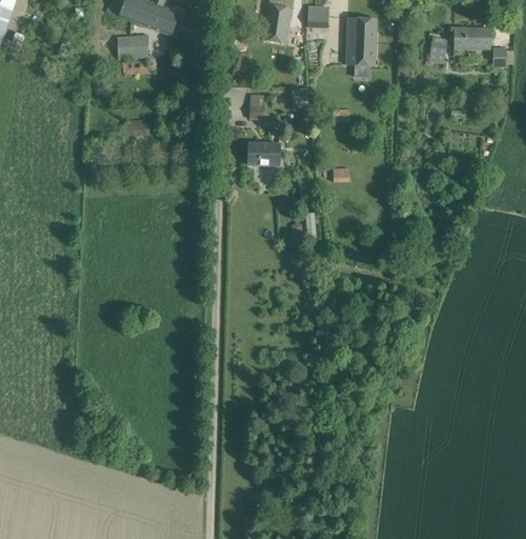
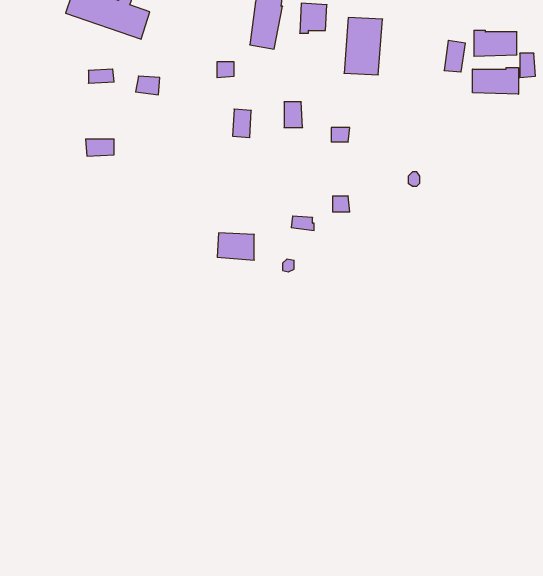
building: [118,34,149,58] -> none
building: none -> [473,68,518,94]
building: [248,143,280,166] -> [217,233,254,260]

